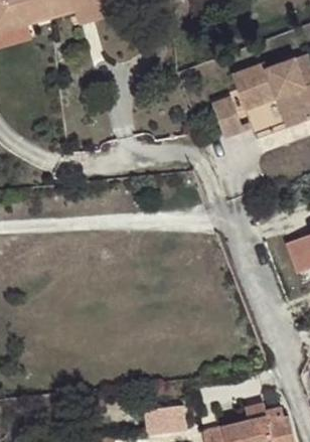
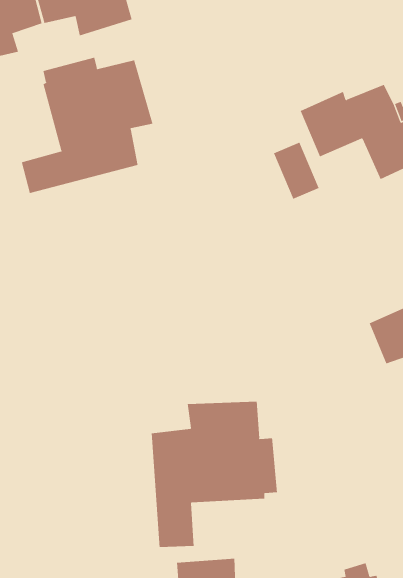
building: none -> [21,57,153,194]
building: none -> [151,401,278,548]

